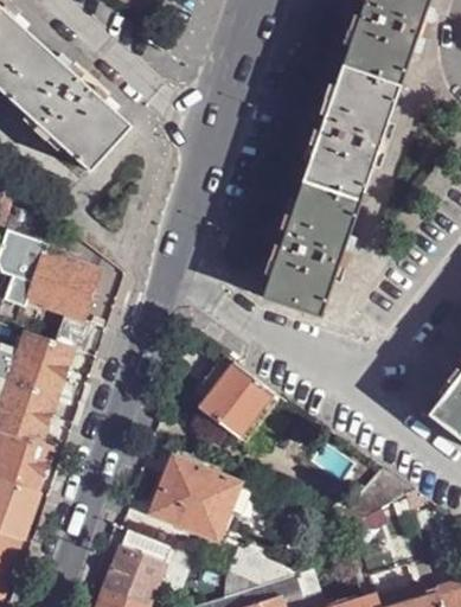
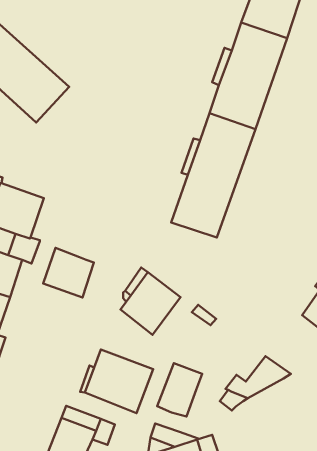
building: none -> [43,248,94,297]
building: none -> [157,363,202,417]

